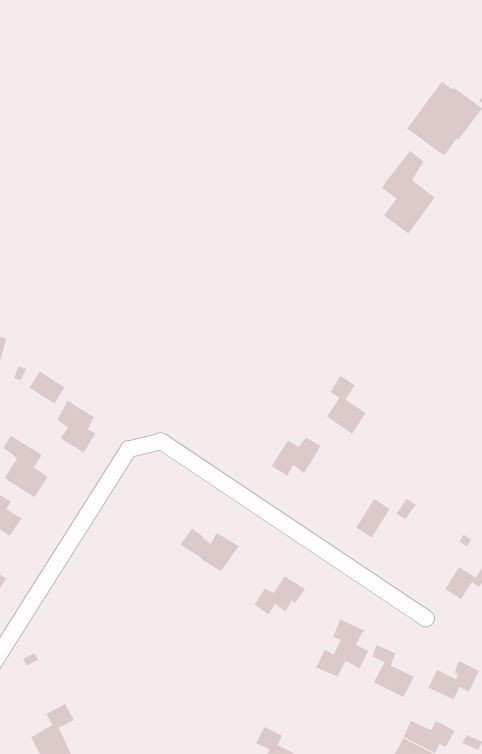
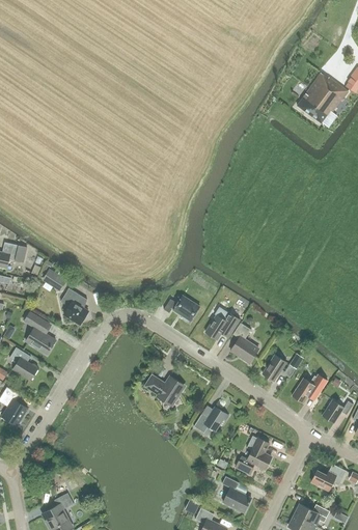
building: [381,150,436,234] -> none
building: [326,375,366,435] -> [230,322,257,362]
building: none -> [163,295,199,320]
building: none -> [291,374,327,402]
building: [371,644,415,698] -> [221,475,250,511]

